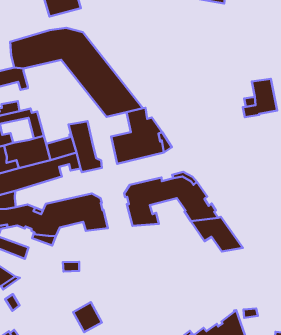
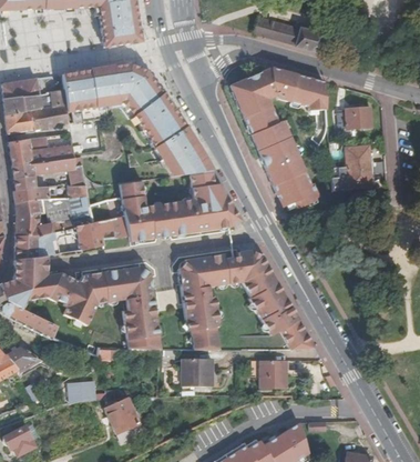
building: none -> [231,66,325,208]
building: none -> [337,109,371,131]
building: none -> [144,200,172,237]
building: none -> [184,310,218,351]
building: none -> [122,310,160,350]
building: none -> [258,360,286,388]
building: none -> [181,358,212,385]
building: none -> [64,380,95,403]

